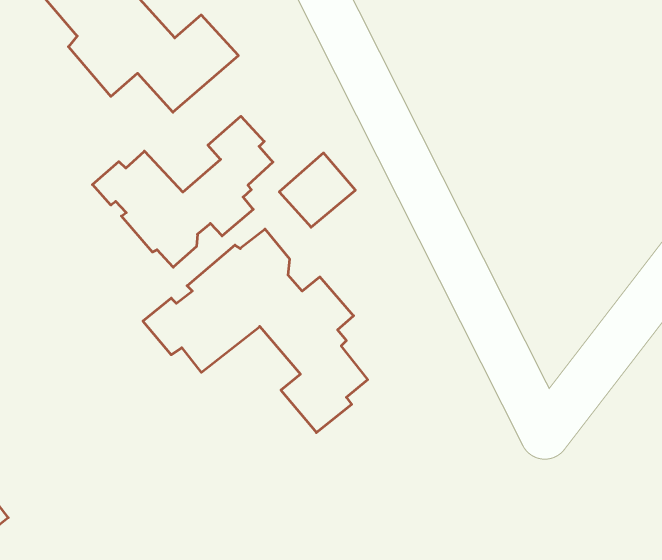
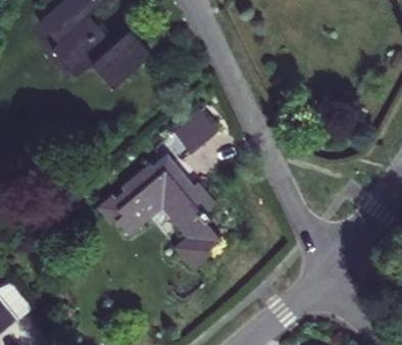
building: [92,116,273,267] -> none

